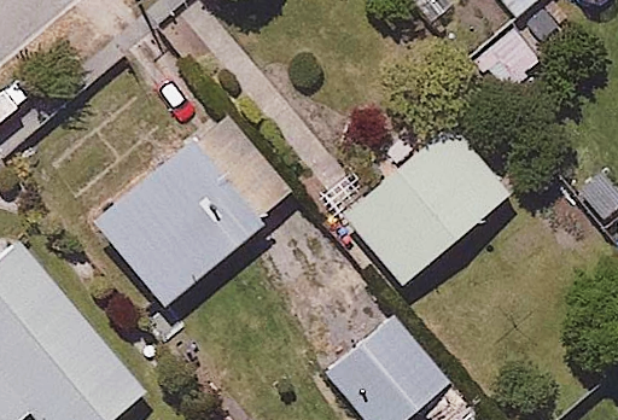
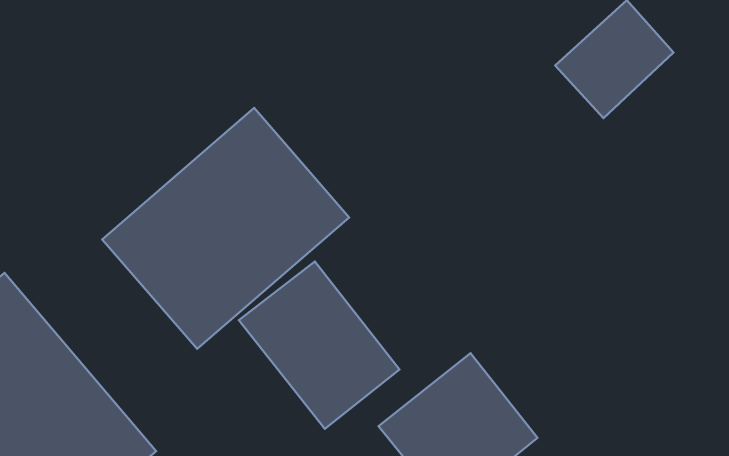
building: [343,123,505,282] -> none
building: none -> [239,262,400,429]

